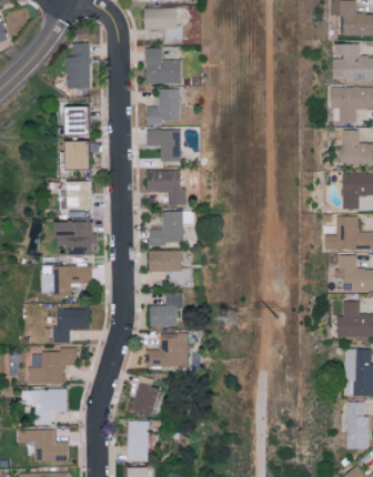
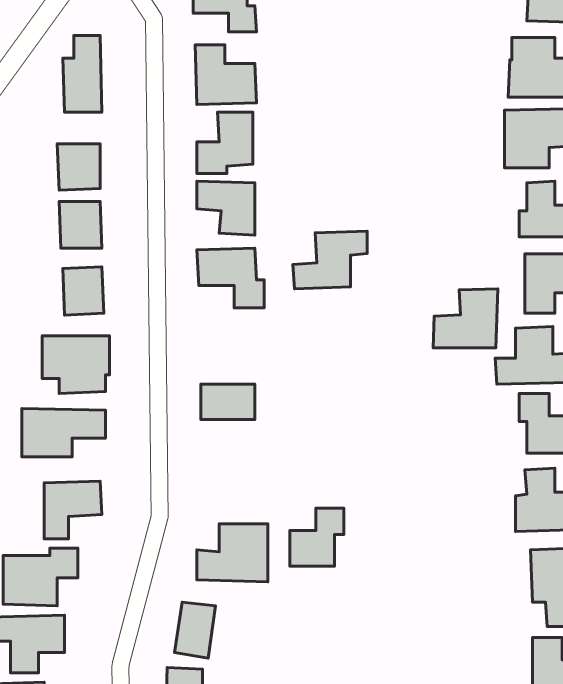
building: none -> [433,289,498,348]
building: [149,211,193,245] -> [293,231,367,289]
building: [150,293,182,327] -> [290,508,344,566]

